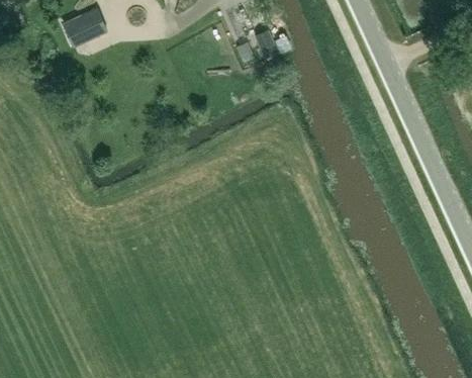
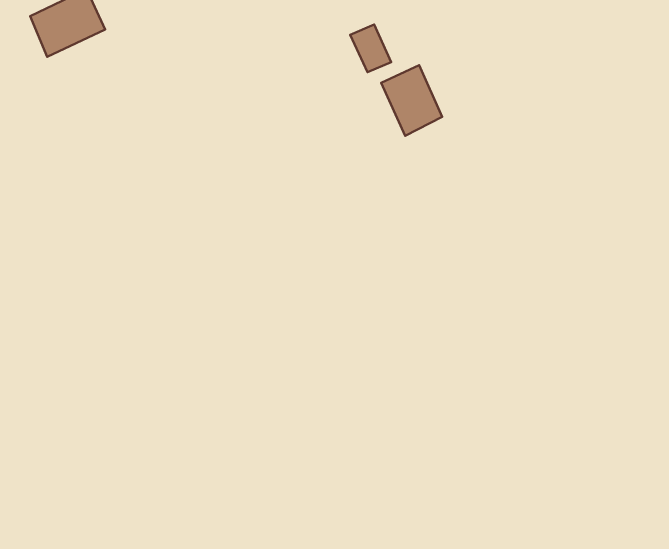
building: none -> [381,65,442,136]

